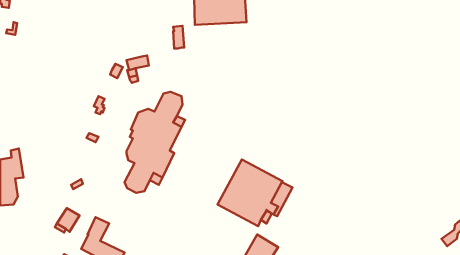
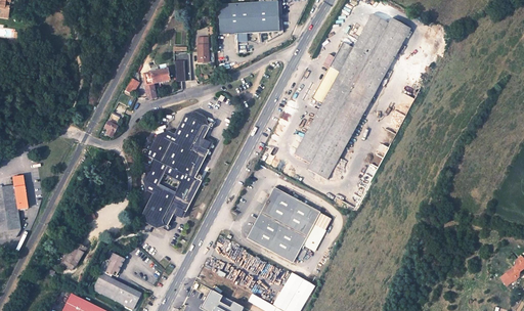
building: none -> [295,14,409,180]
building: none -> [174,52,191,92]

